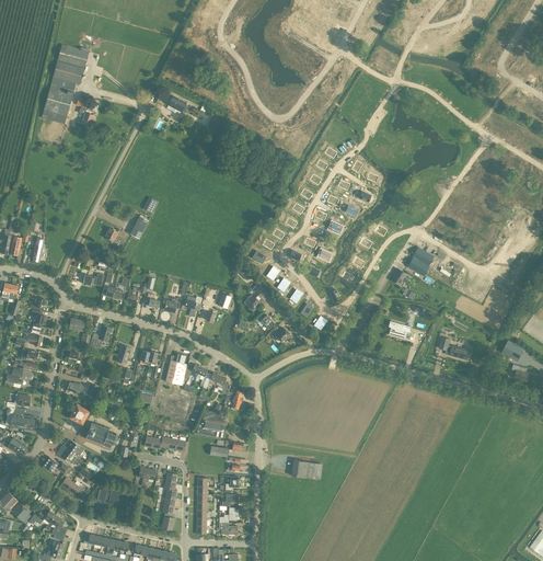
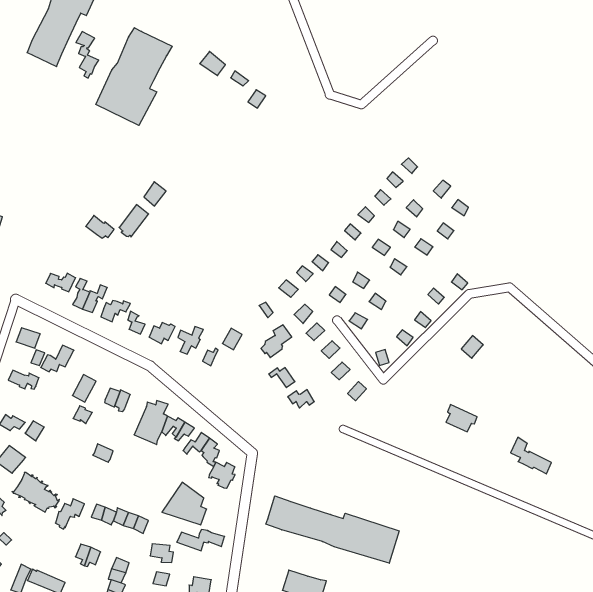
building: none -> [96,28,172,125]
building: [406,245,432,275] -> none
building: none -> [266,496,399,563]

